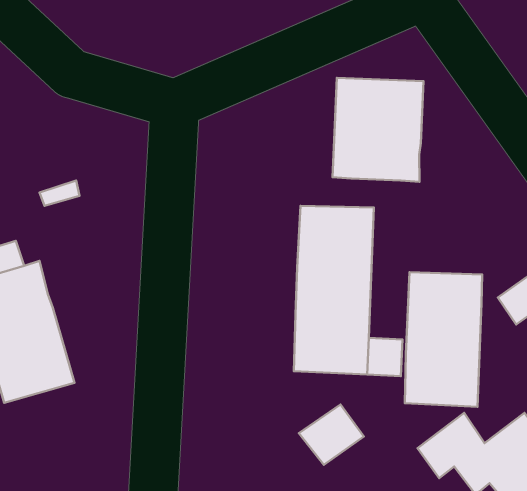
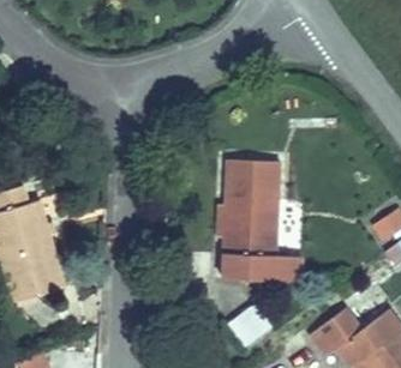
building: [333,78,423,182] -> none
building: [405,272,482,407] -> none

